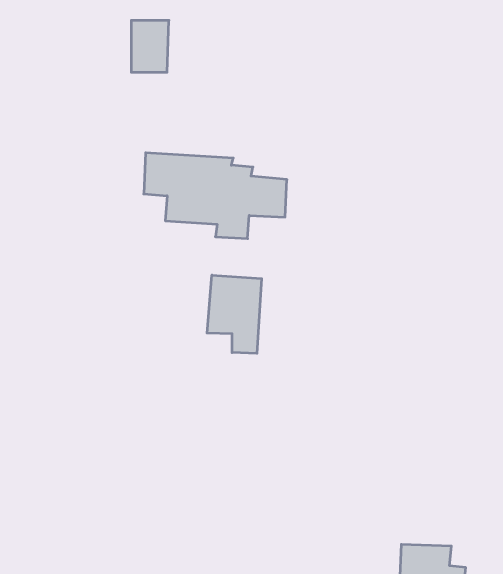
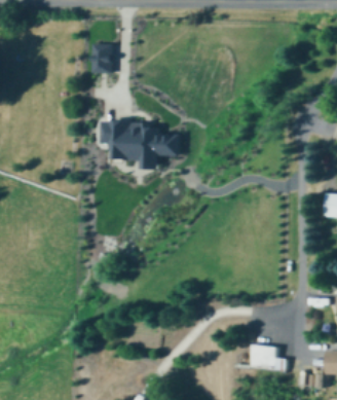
building: [207,275,262,353] -> none

